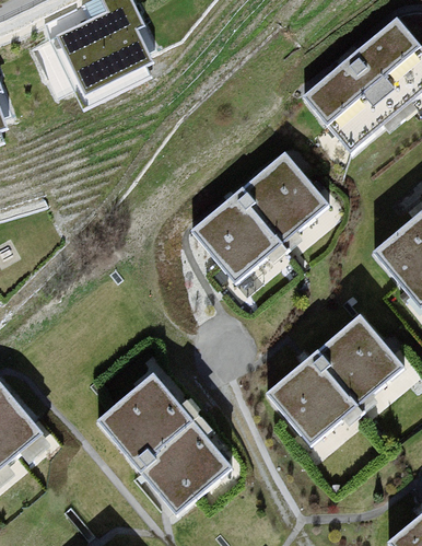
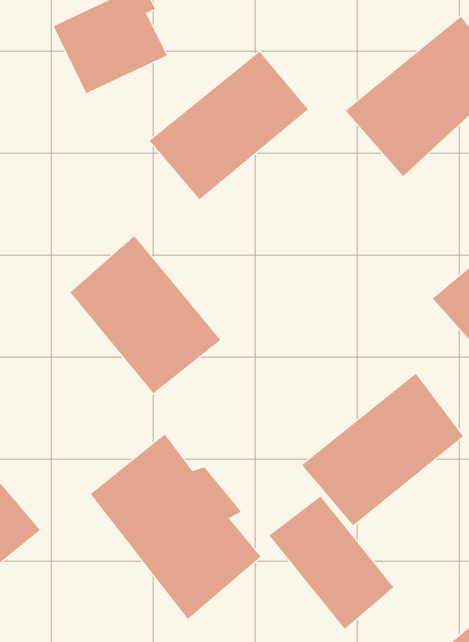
building: [192,156,325,280] -> [149,51,309,200]
building: none -> [70,235,221,394]
building: none -> [269,495,394,630]

